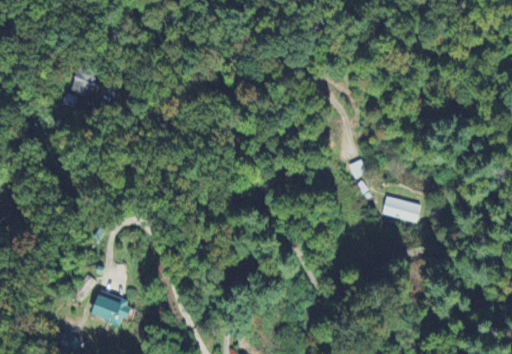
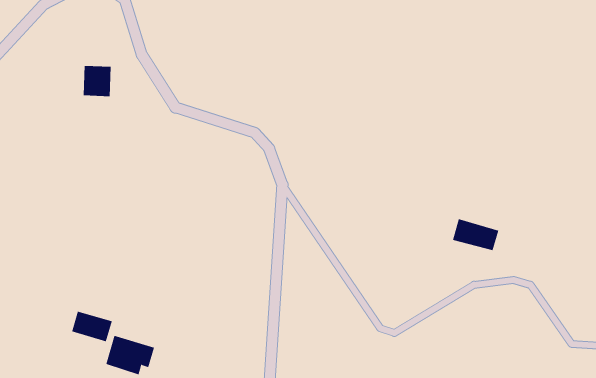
building: none -> [72,311,112,342]

